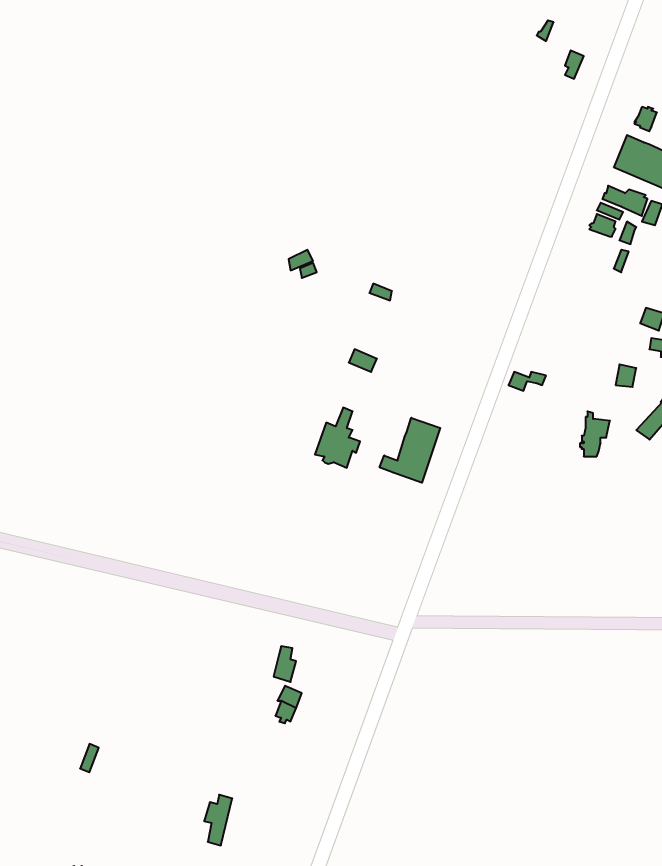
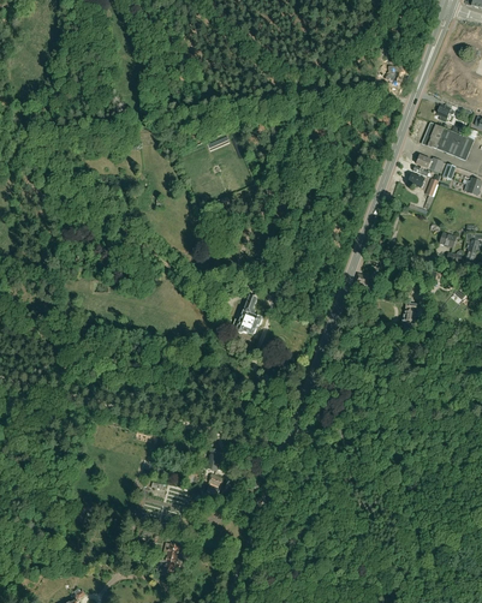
building: [380,418,440,483] -> none

